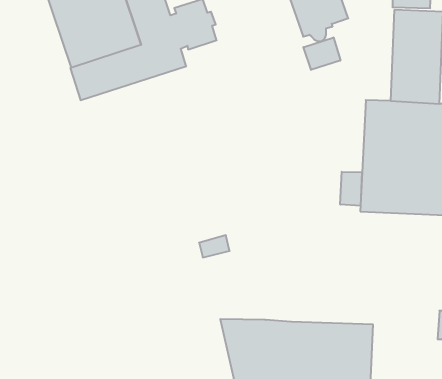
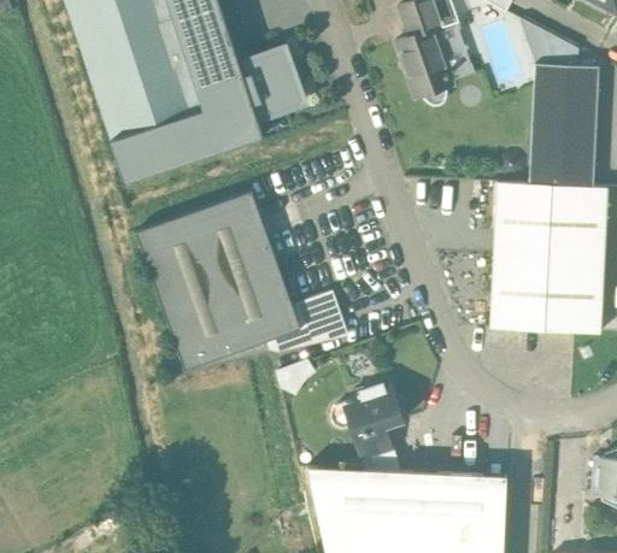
building: [303,37,340,70] -> none
building: none -> [135,190,343,370]
building: [340,172,362,206] -> none
building: none -> [330,380,402,472]

